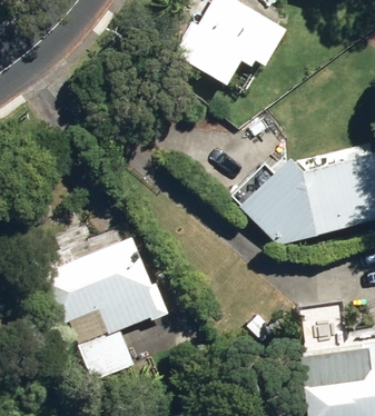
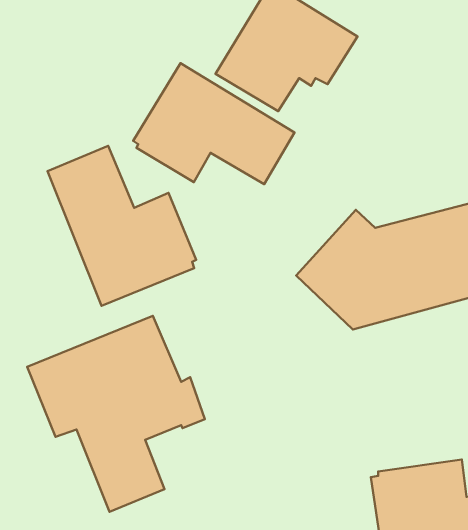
building: none -> [133,63,294,184]
building: none -> [47,146,196,306]

